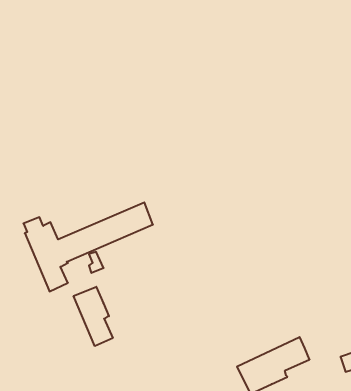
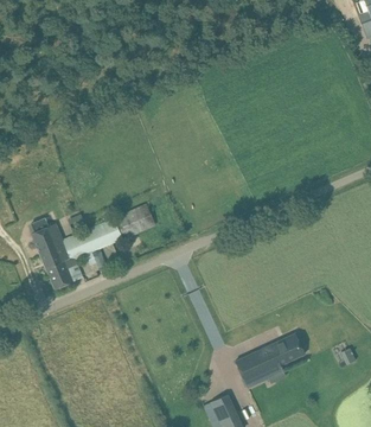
building: [74,287,113,346] -> none

